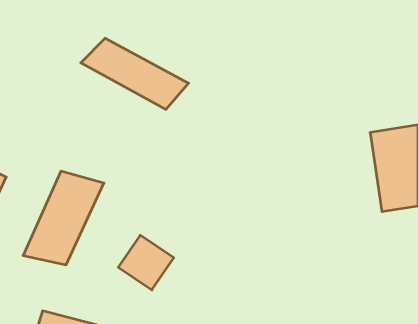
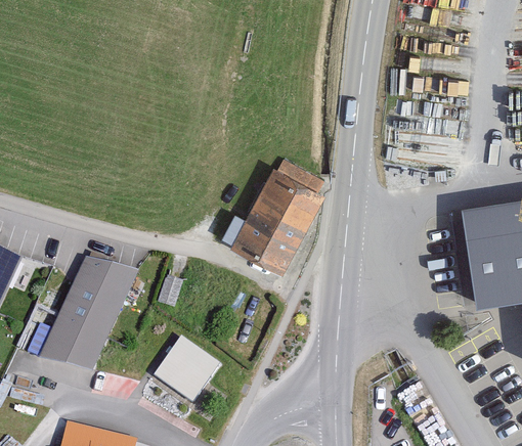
building: [81,38,189,109] -> none
building: none -> [220,162,321,273]

